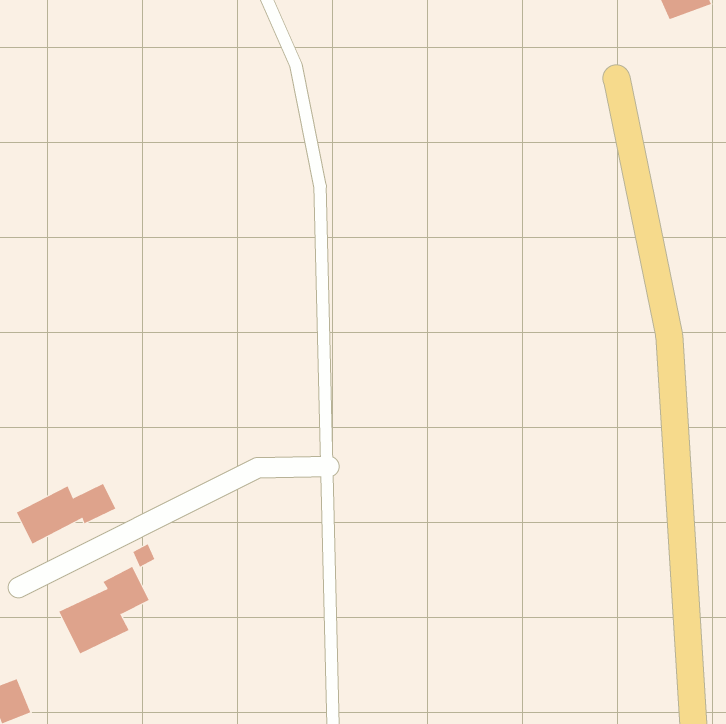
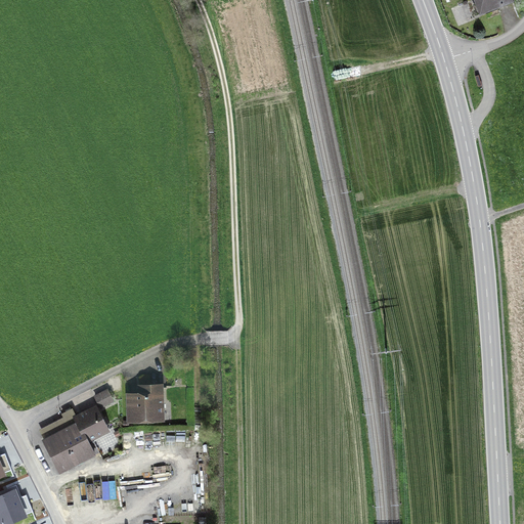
building: [16,483,116,544] -> none
building: none -> [127,387,164,423]

